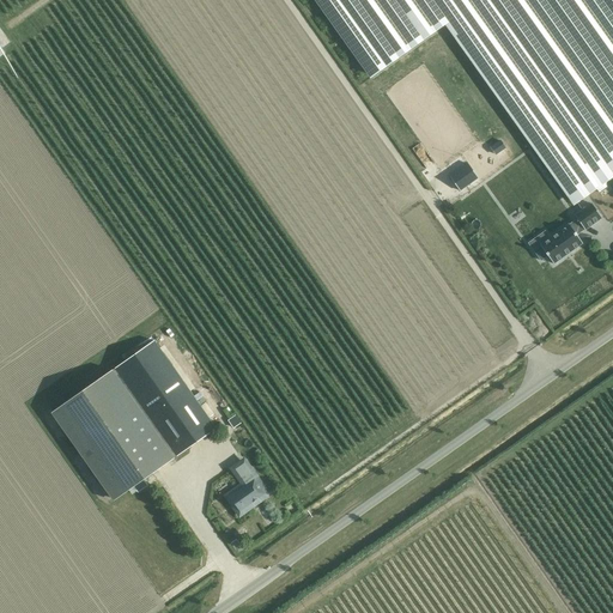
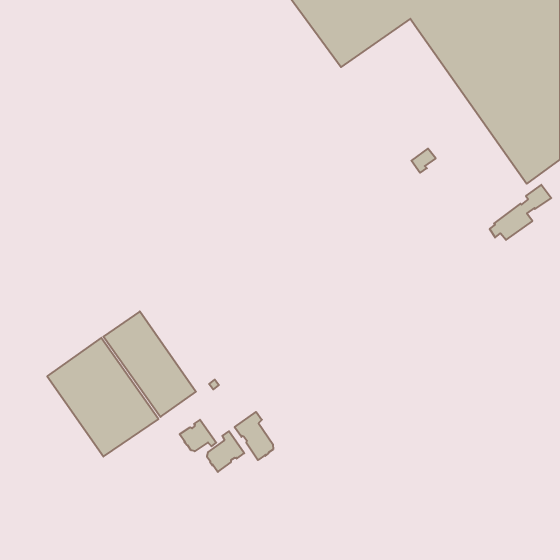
building: none -> [235,412,273,460]
building: none -> [180,420,216,451]

